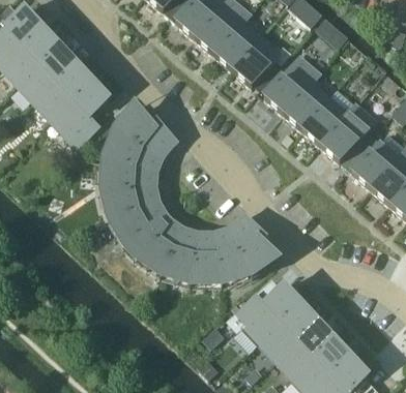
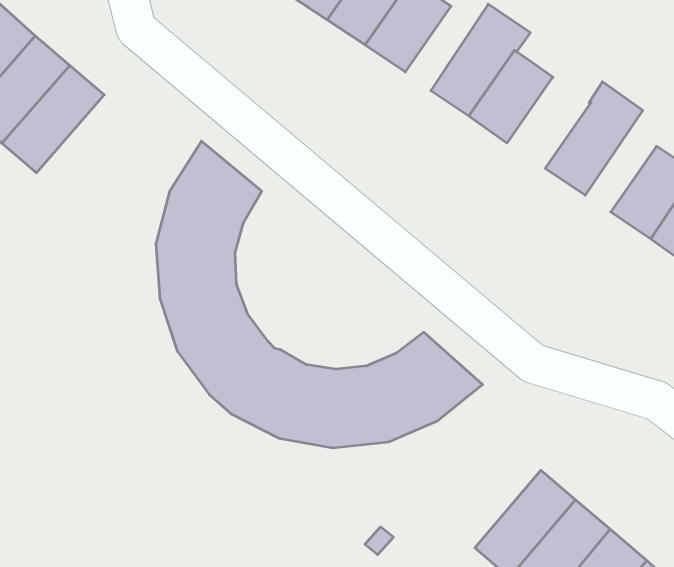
building: [51,80,109,145] -> none
building: [301,96,348,144] -> none
building: [235,275,300,340] -> none

